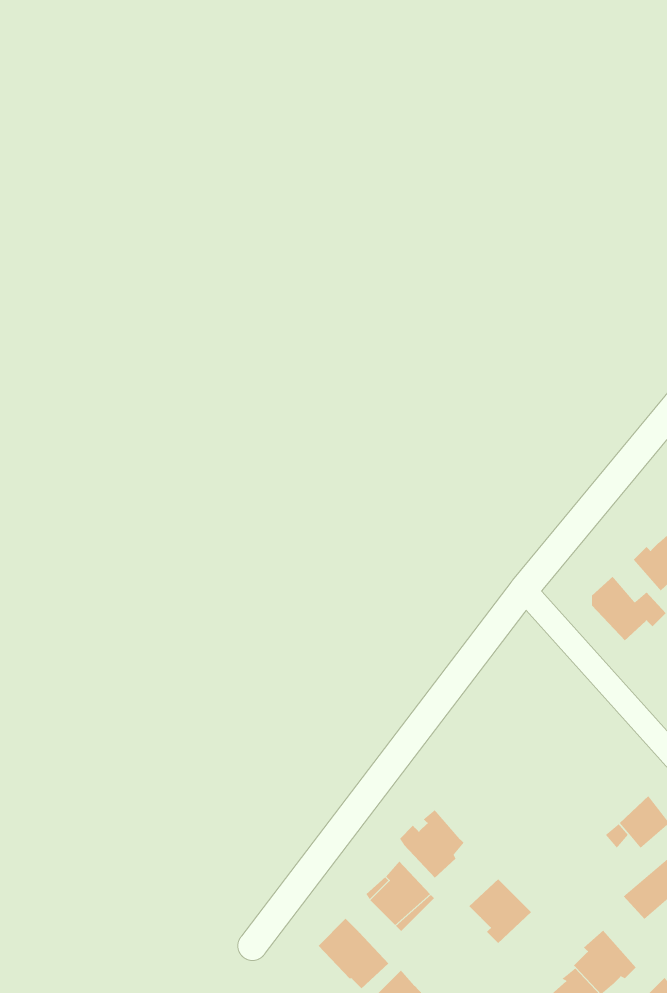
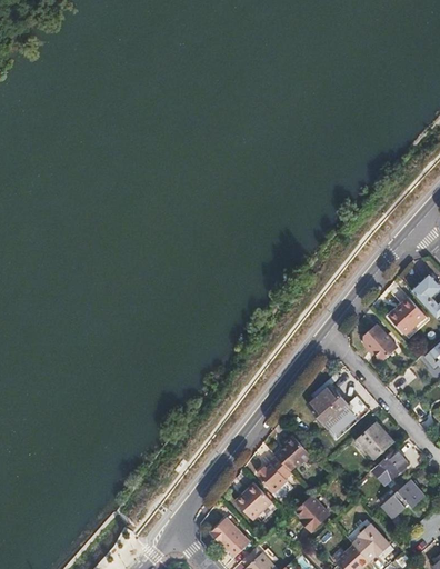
building: none -> [307,380,370,439]
building: none -> [358,422,392,459]
building: none -> [274,435,311,472]

